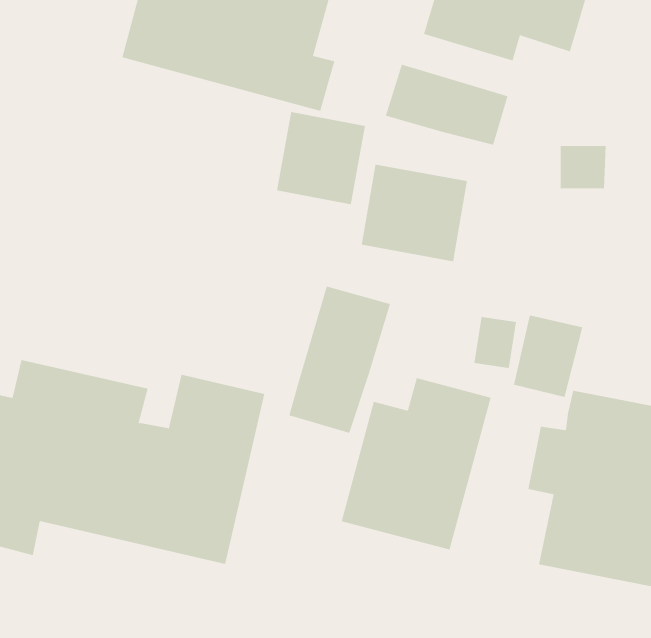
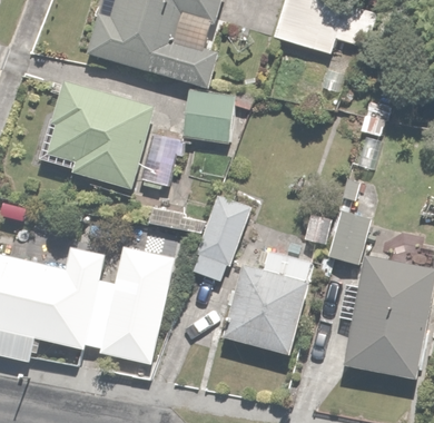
building: [385,64,508,146] -> none
building: none -> [41,82,188,198]
building: [361,164,468,262] -> none

